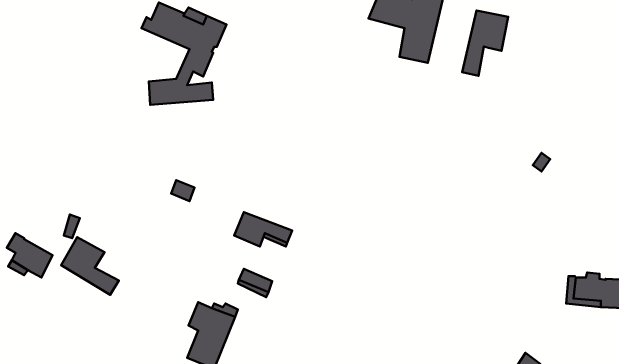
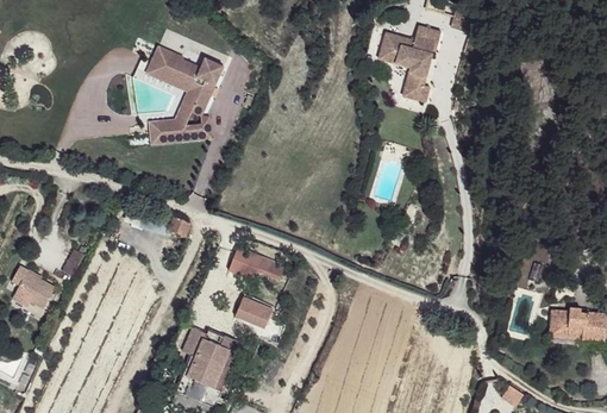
building: [462,10,508,76] -> none
building: [61,237,119,295] -> none

